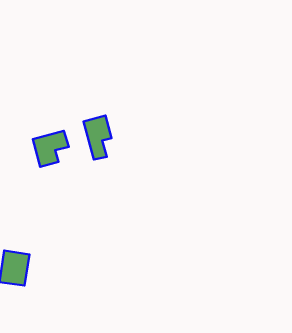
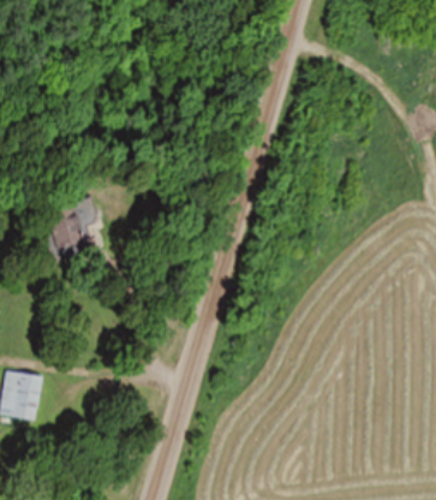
building: [83,116,112,159] -> none

